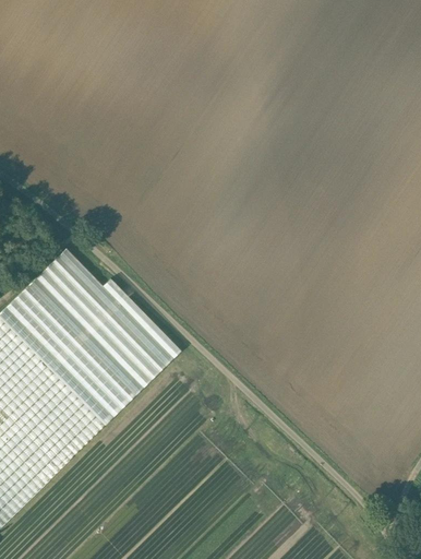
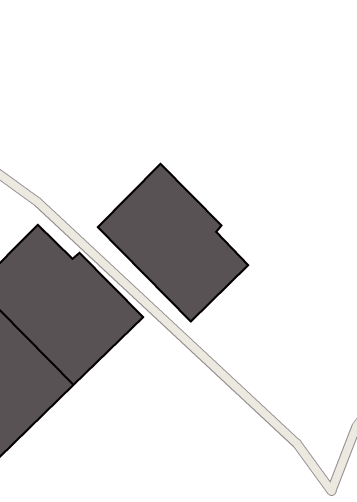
building: none -> [98,164,248,321]

